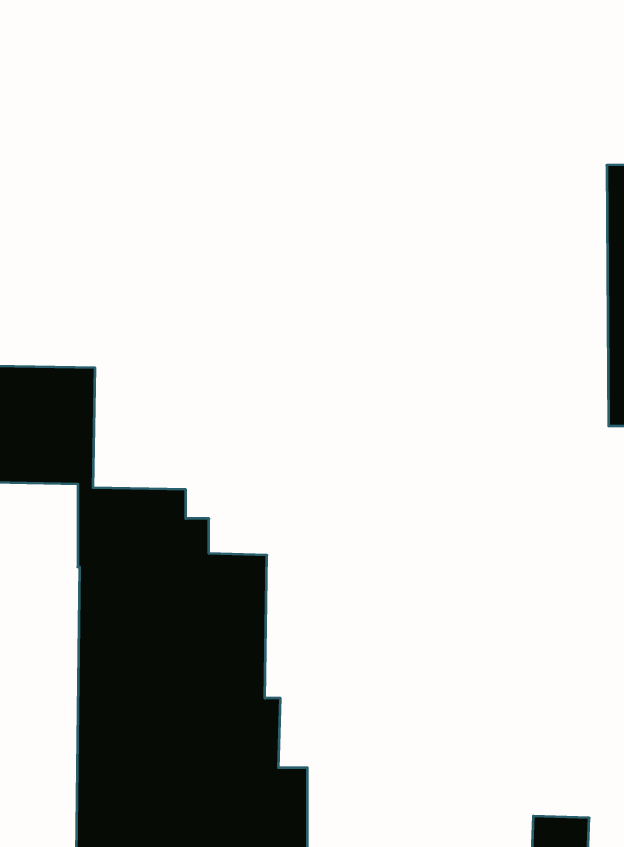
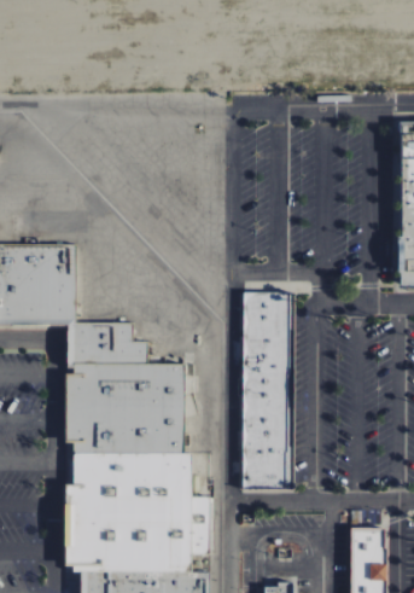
building: none -> [241,293,287,488]

